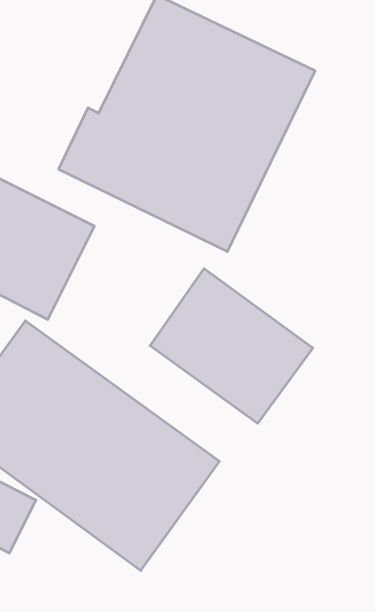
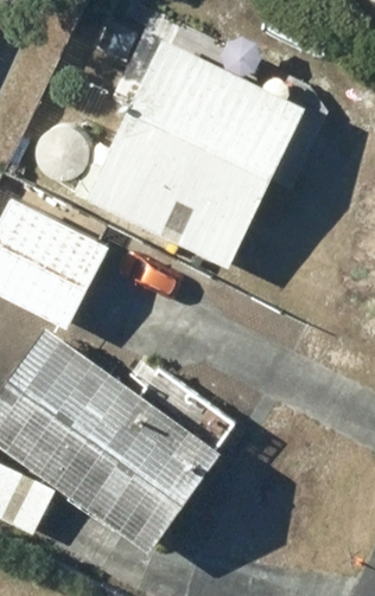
building: [150,269,313,423] -> none

